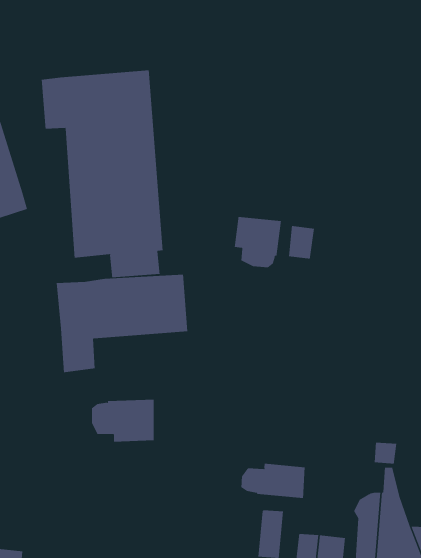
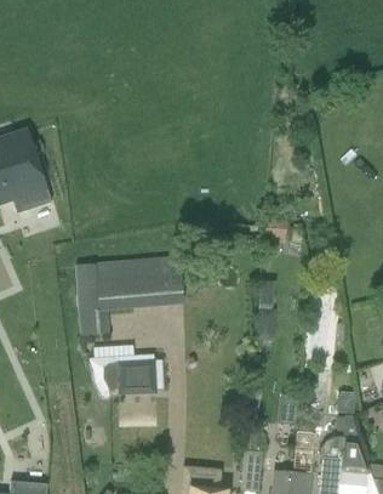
building: [41,69,163,278] -> none
building: [234,216,281,268] -> none
building: [241,463,305,499] -> none

